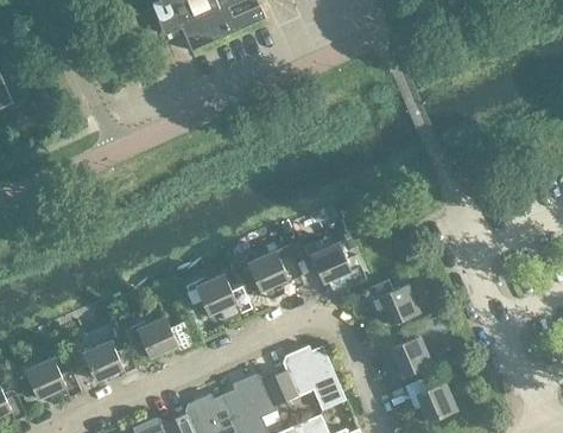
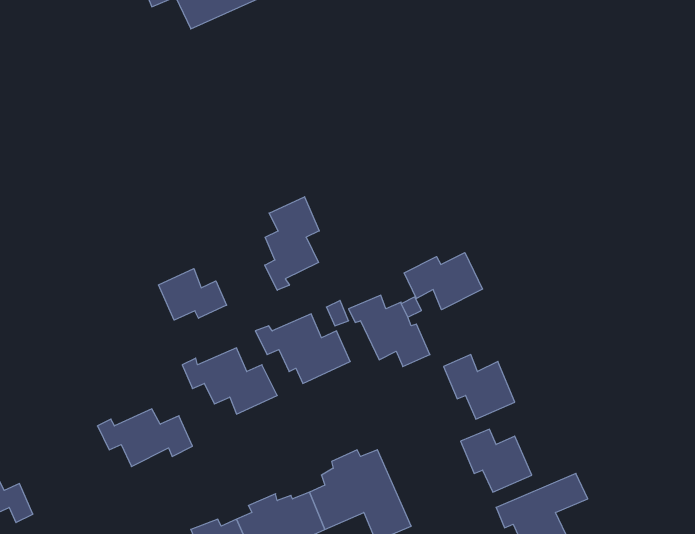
building: none -> [265,197,319,290]
building: none -> [404,253,482,310]
building: none -> [159,269,227,320]
building: [72,340,135,381] -> none

